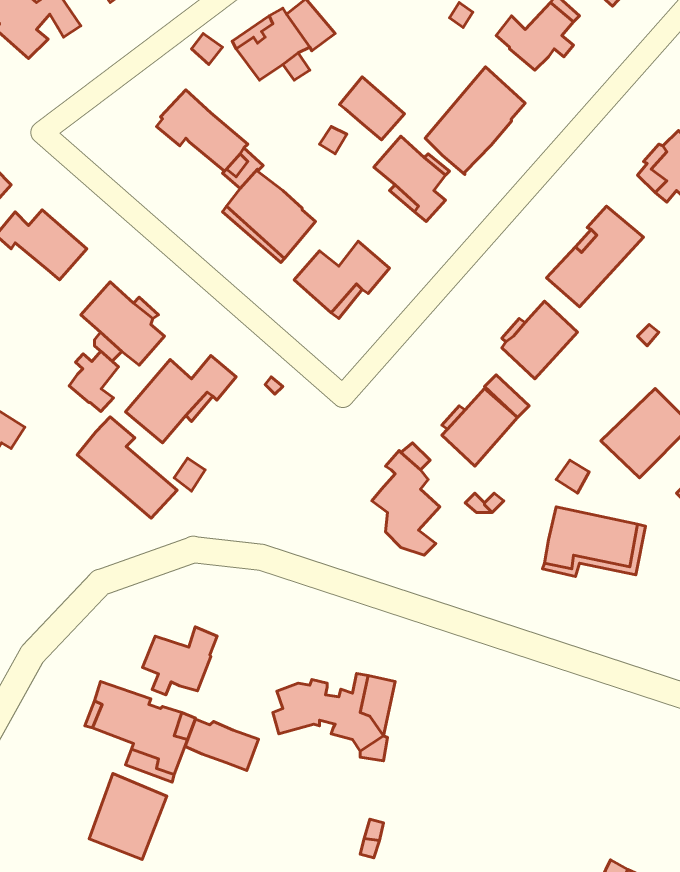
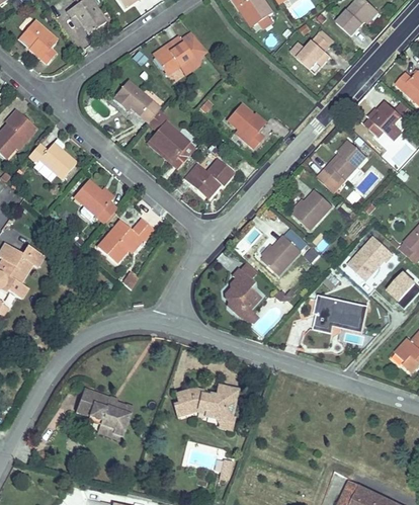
building: [425,67,525,174] -> none
building: [340,77,404,140] -> none
building: [69,351,119,412] -> none
building: [77,417,177,518] -> none
building: [143,627,217,695] -> none
building: [185,719,259,770] -> none
building: [89,774,167,860] -> none

